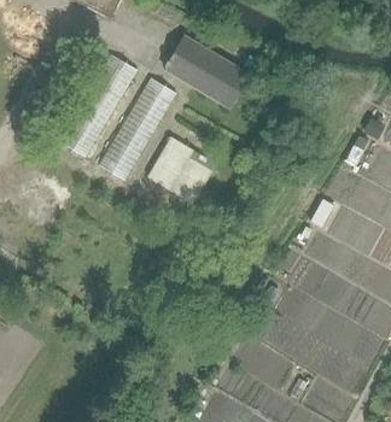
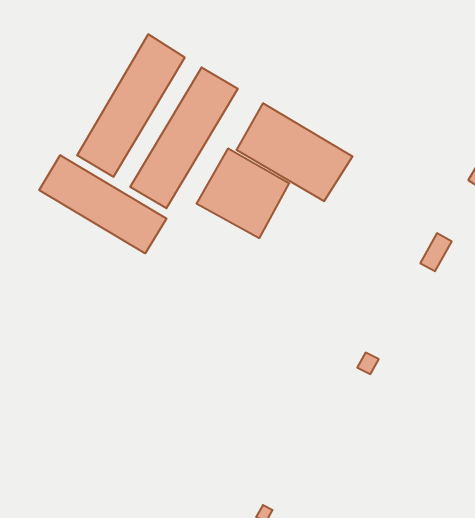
building: [164,35,249,106] -> [236,103,353,201]
building: none -> [39,155,166,253]

